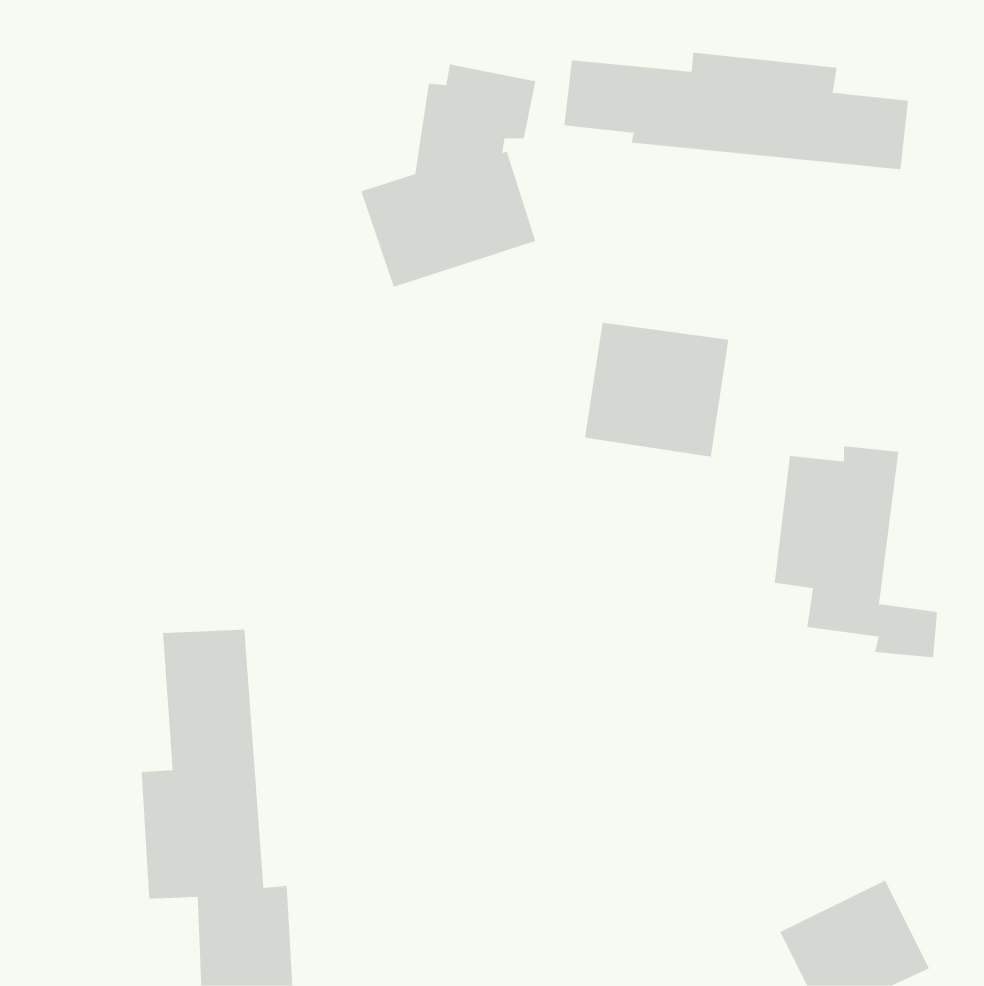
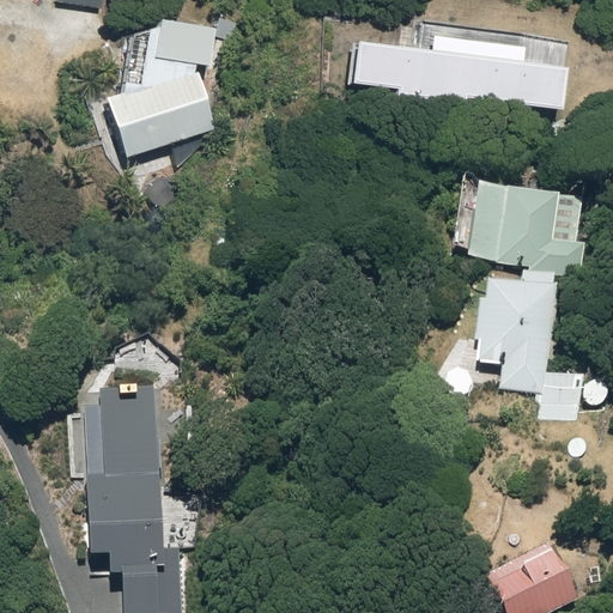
building: [360,64,536,288] -> [104,13,213,152]
building: [584,322,729,457] -> [471,188,560,272]

